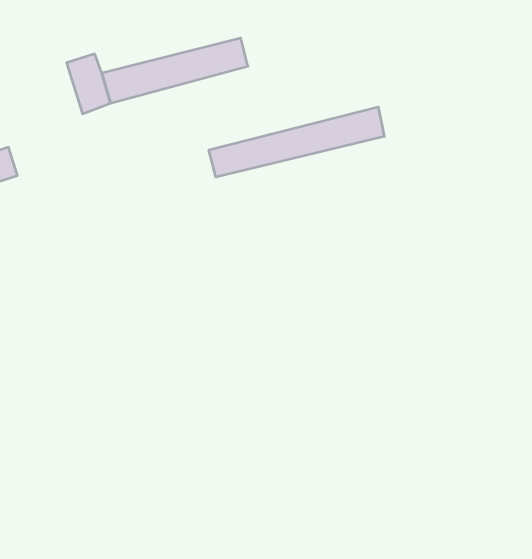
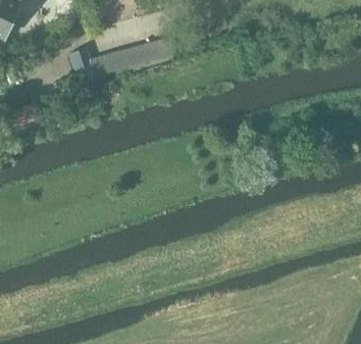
building: [209,107,384,177] -> none

